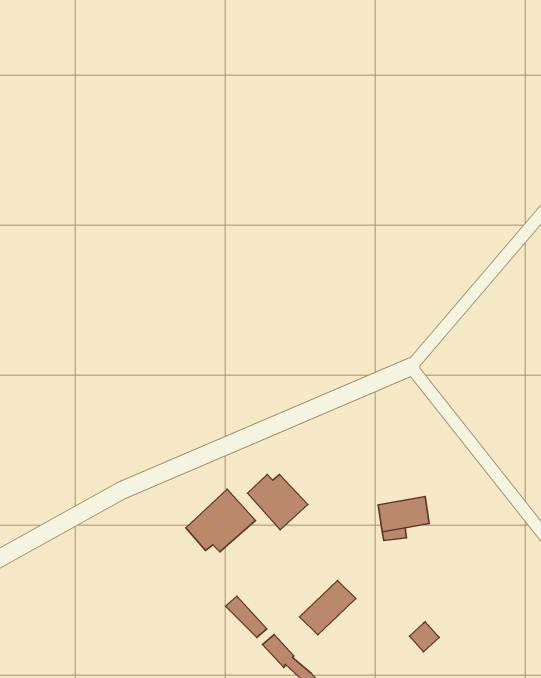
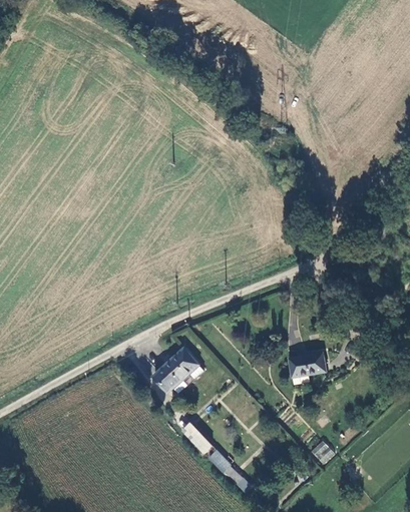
building: [247,474,308,530] -> none
building: [300,580,356,635] -> none

